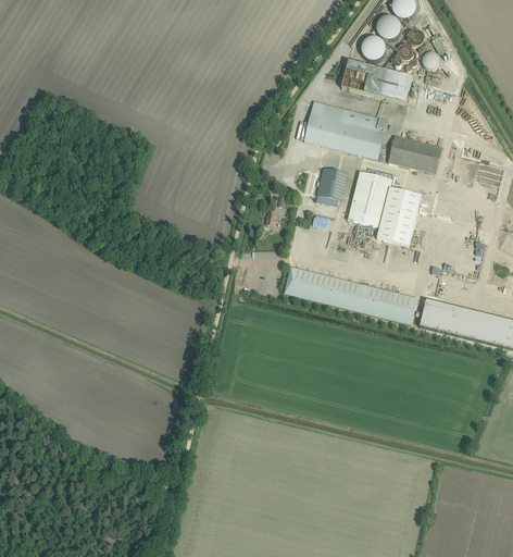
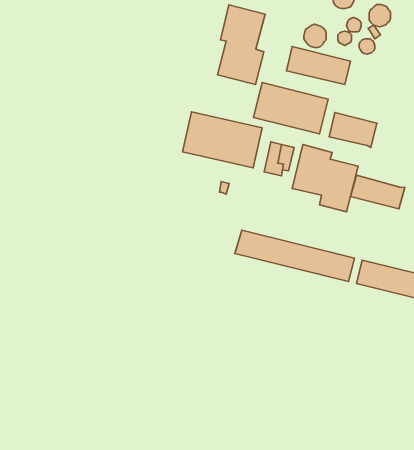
building: none -> [217,5,265,84]
building: [376,15,400,40] -> [369,4,391,27]
building: none -> [183,112,262,168]
building: none -> [351,175,405,209]

